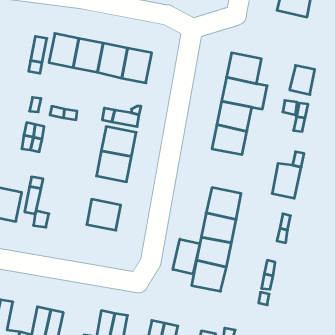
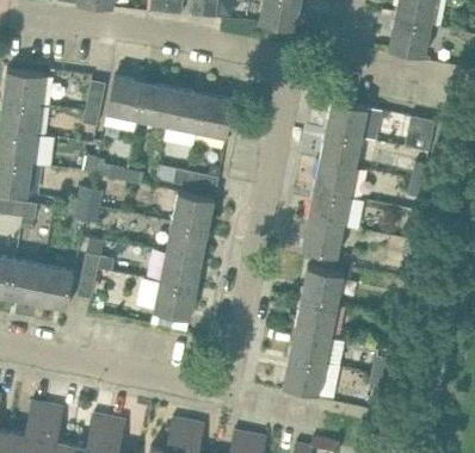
building: none -> [301,219,345,257]
building: none -> [160,253,203,288]
building: [173,239,200,274] -> none

